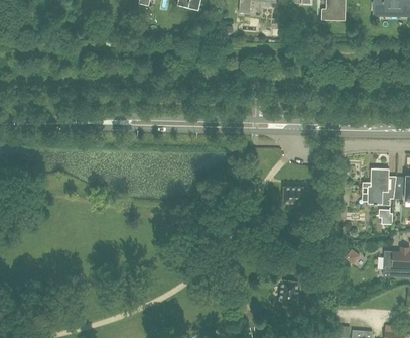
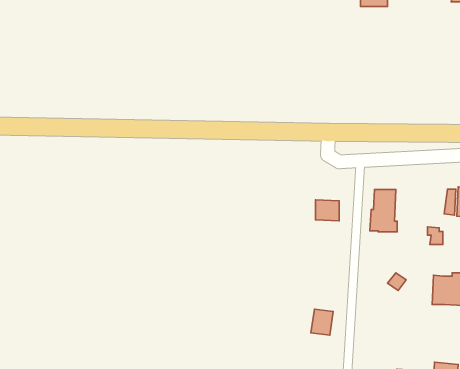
building: [367,168,390,205] -> [370,190,397,232]

